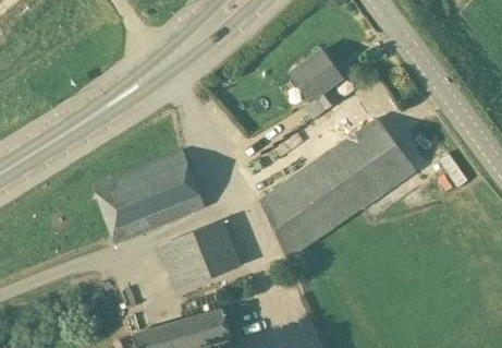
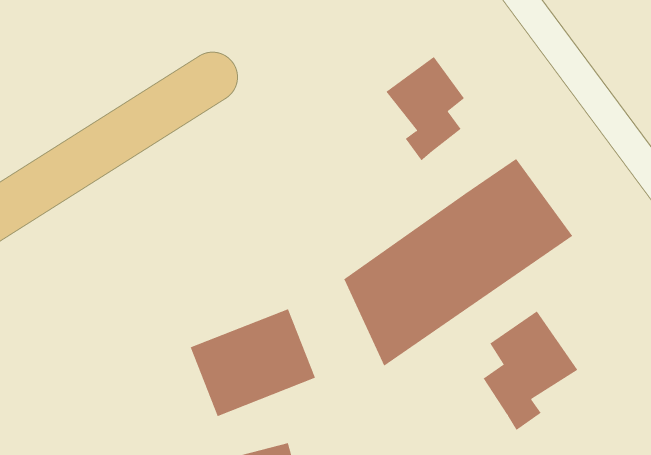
building: [90,149,205,244] -> none
building: none -> [483,310,578,431]

